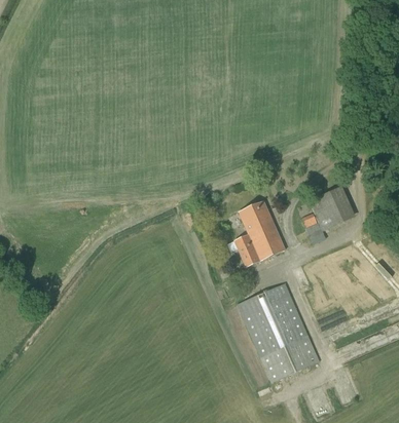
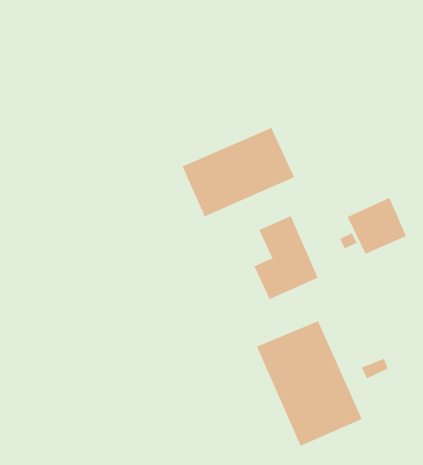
building: none -> [182,127,295,217]

